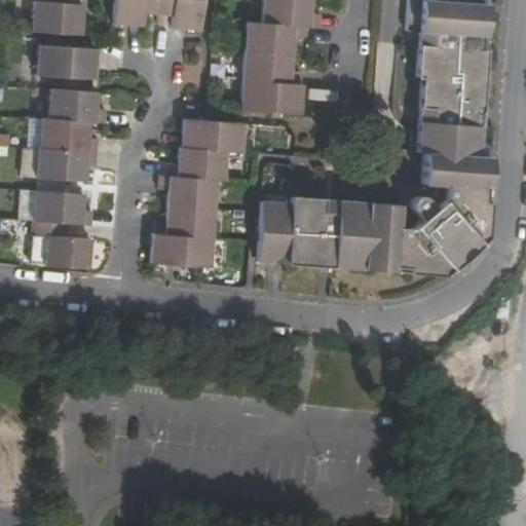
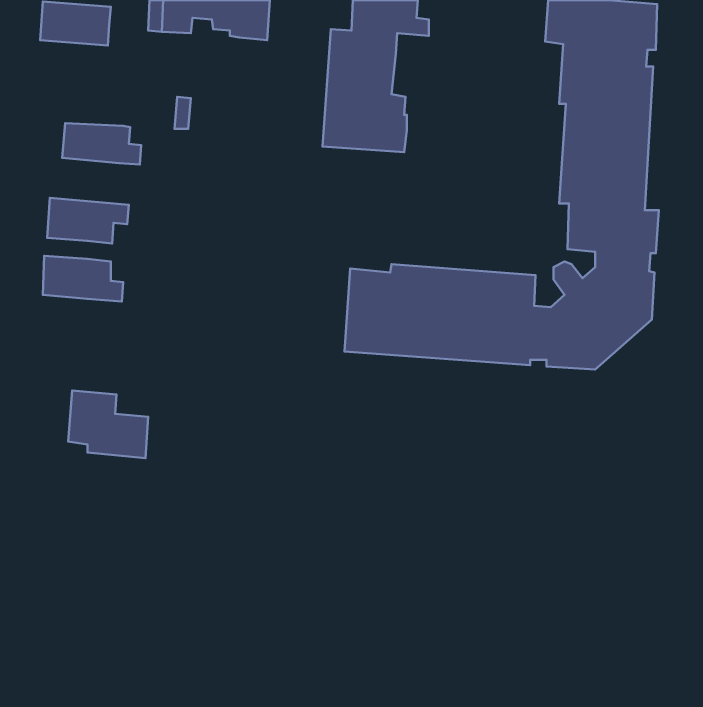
building: [37,45,98,79] -> none
building: [40,117,100,152] -> none
building: [151,118,248,268] -> none
building: [32,219,91,269] -> [68,390,148,458]

